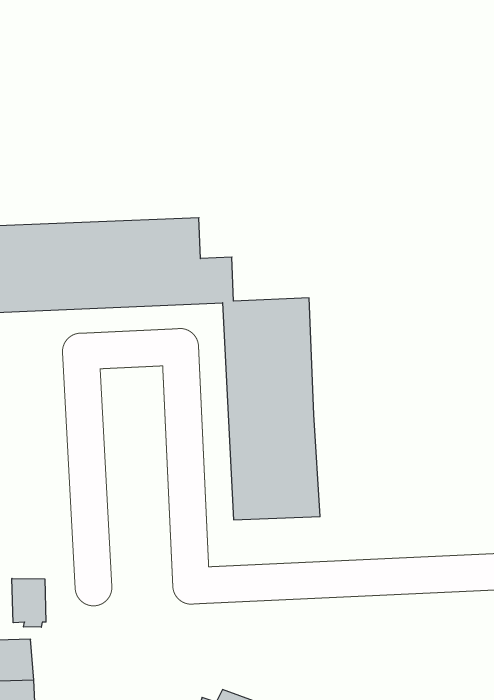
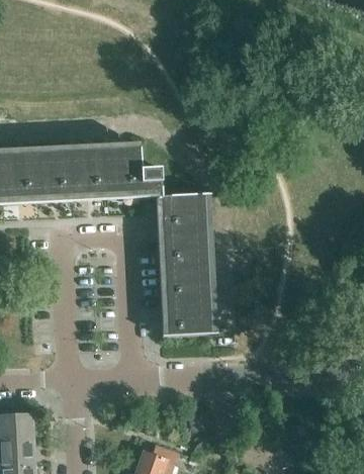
building: [12,578,46,627] -> none

